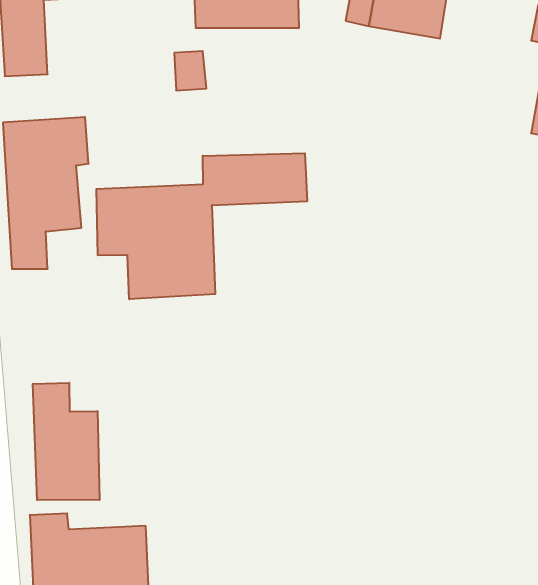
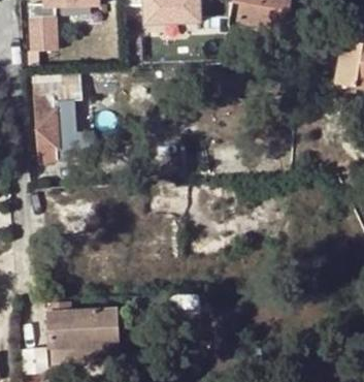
building: [96,153,307,299] -> none
building: [33,383,100,500] -> none

